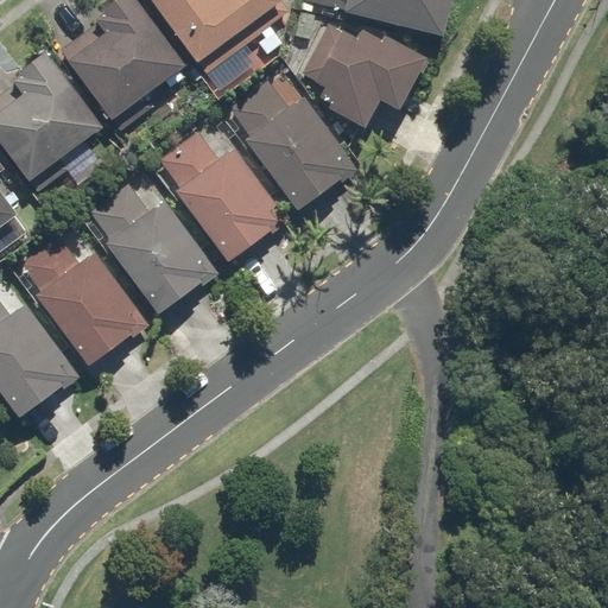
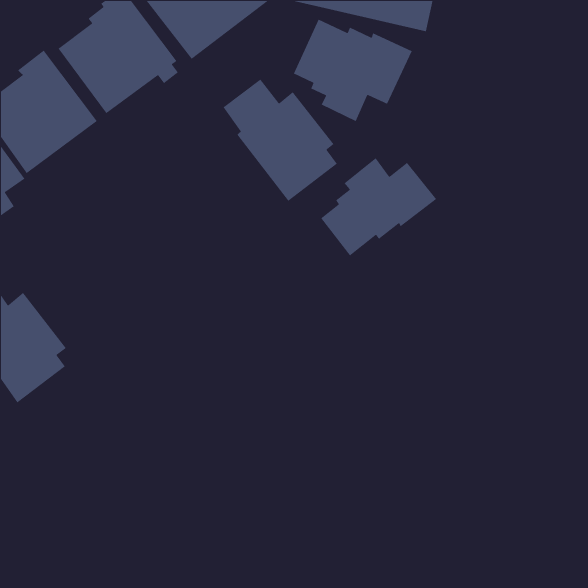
building: [159,132,281,262] -> none
building: none -> [320,157,437,257]
building: [91,186,209,314] -> none
building: [21,238,139,365] -> none

